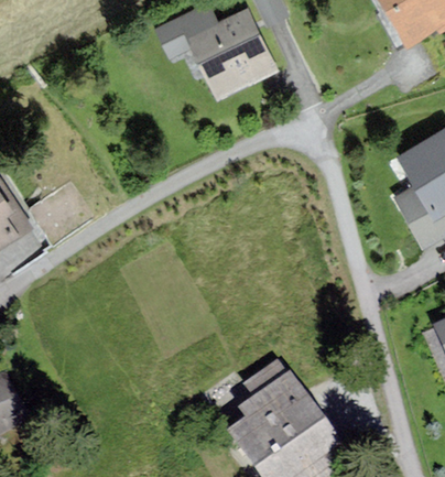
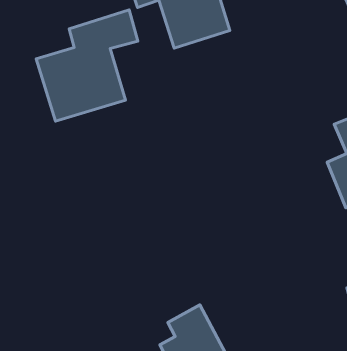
building: none -> [36,10,138,121]

